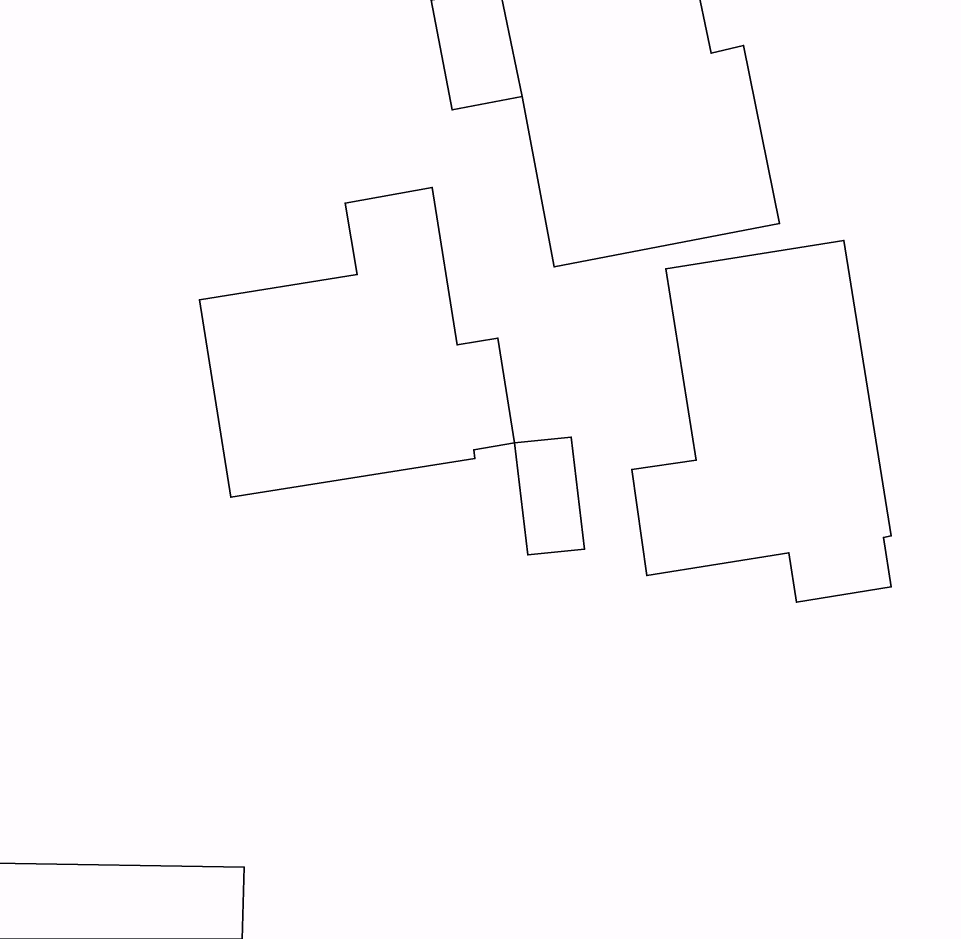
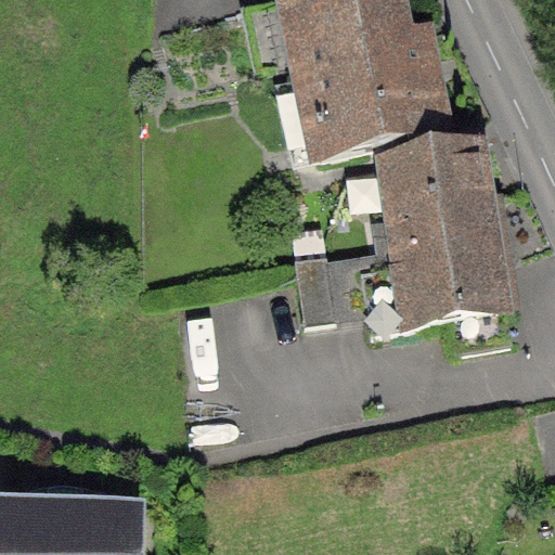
building: [199,187,515,497] -> none

